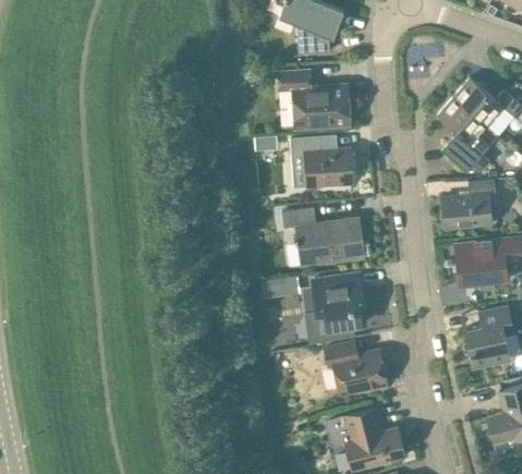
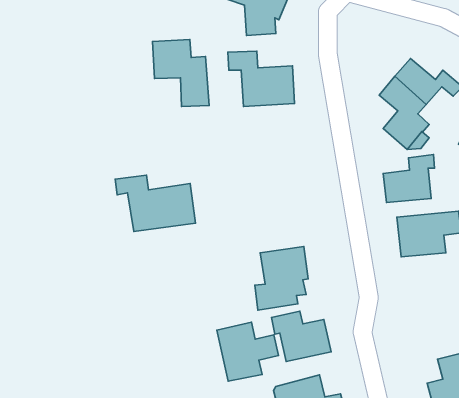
building: none -> [152,39,209,106]
building: [303,137,354,186] -> none
building: [282,208,366,267] -> [115,175,195,231]
building: [465,307,513,368] -> none
building: none -> [217,322,279,381]

